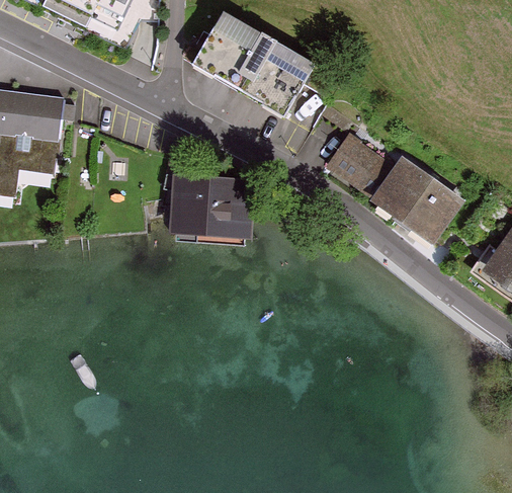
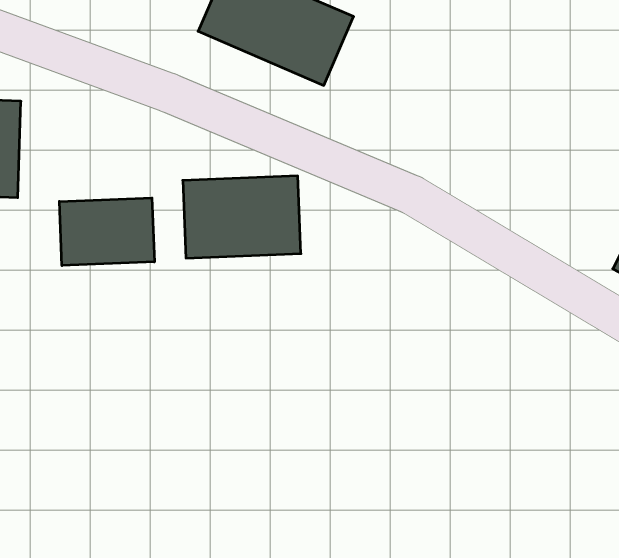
building: [333,142,466,241] -> none
building: none -> [59,198,154,266]

